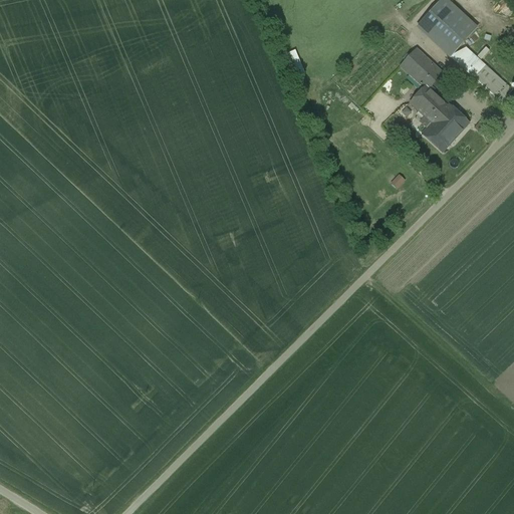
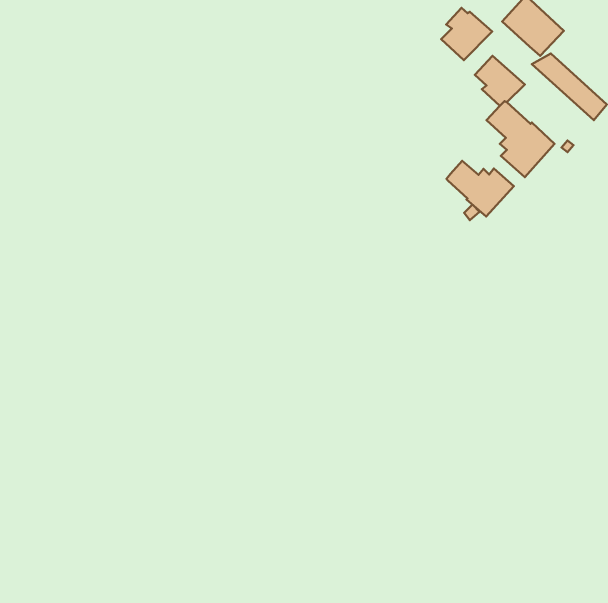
building: none -> [441,8,492,60]
building: none -> [447,161,514,216]

